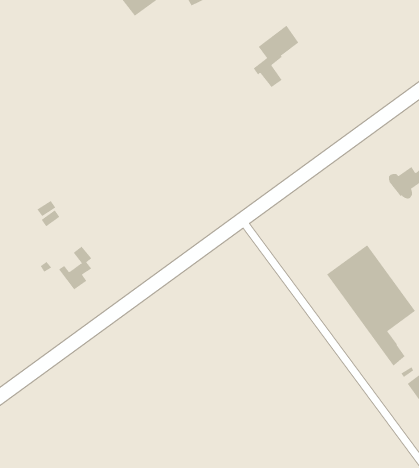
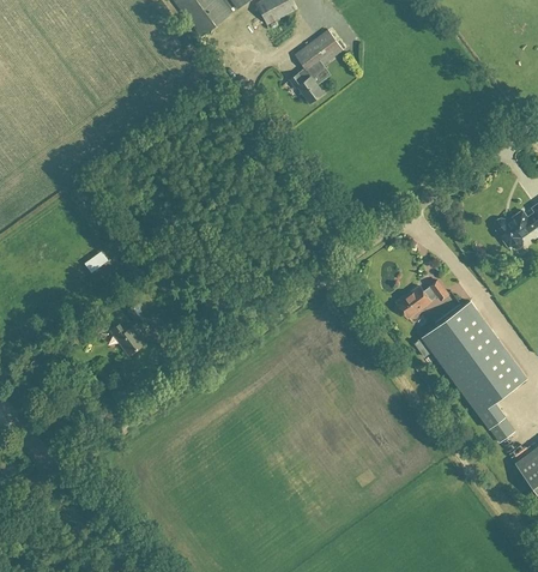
building: [253,25,299,88] -> [289,29,343,102]
building: none -> [397,279,449,318]

